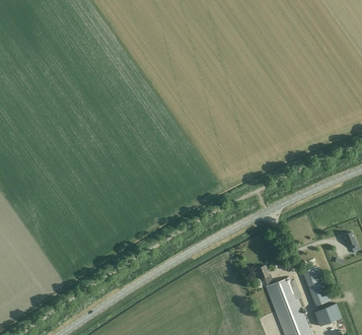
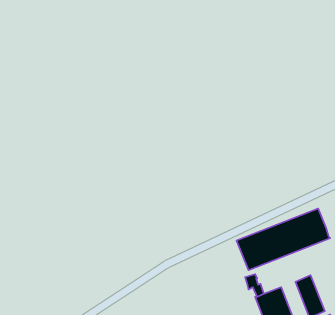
building: none -> [237,208,330,270]

